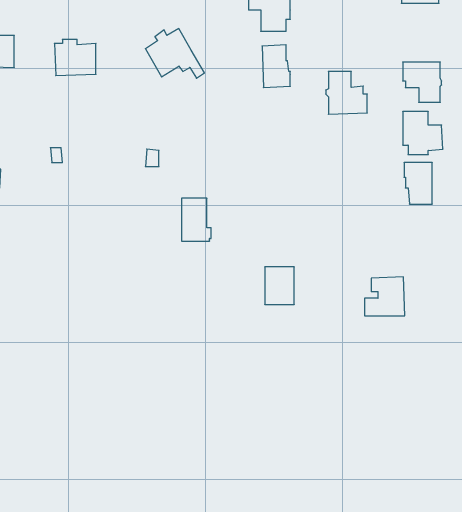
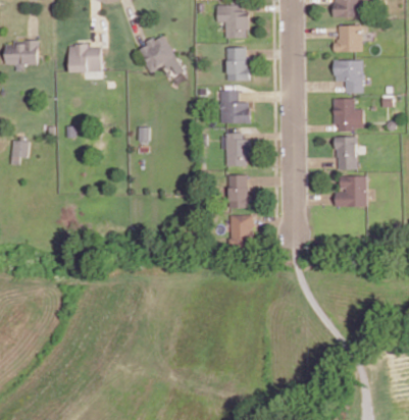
building: none -> [334,25,361,51]
building: [326,71,367,114] -> [218,91,250,123]
building: none -> [224,133,250,166]
building: [182,198,211,241] -> [227,175,250,208]
building: [365,277,405,316] -> [336,176,366,206]

